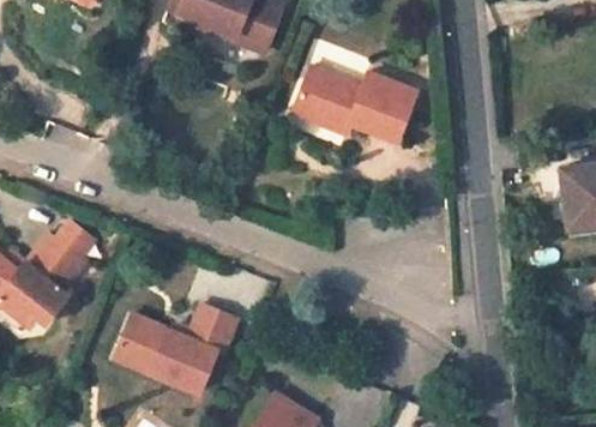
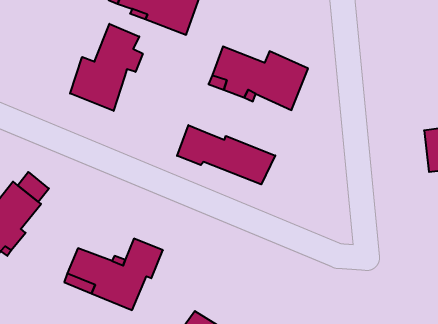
building: none -> [70,24,143,111]
building: none -> [177,125,275,184]

